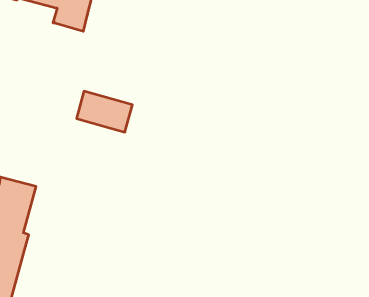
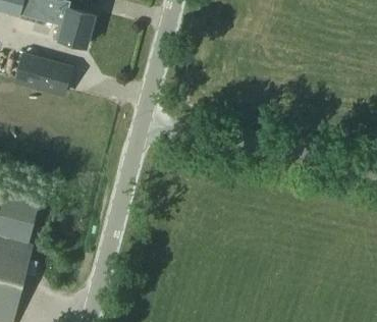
building: [77,91,132,132] -> [16,56,70,96]

